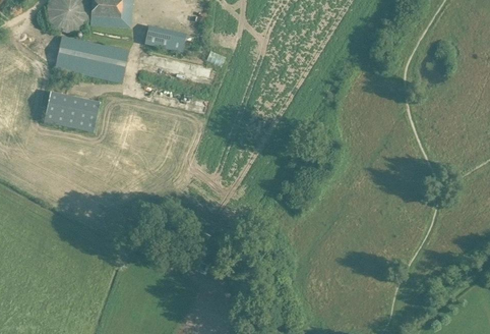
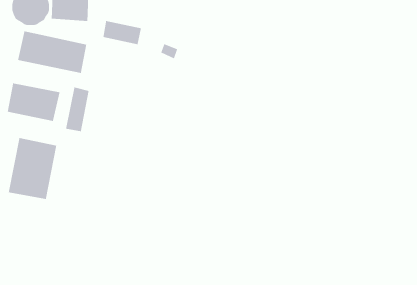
building: none -> [65,86,90,132]
building: none -> [8,137,57,200]

